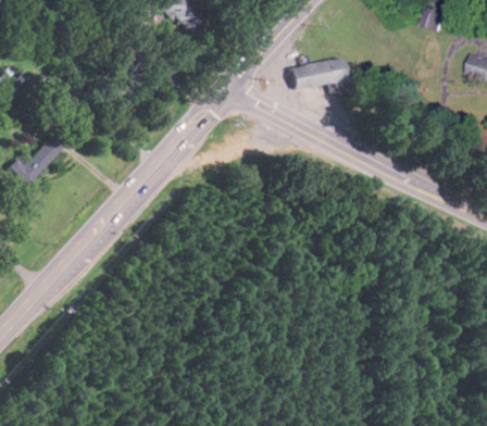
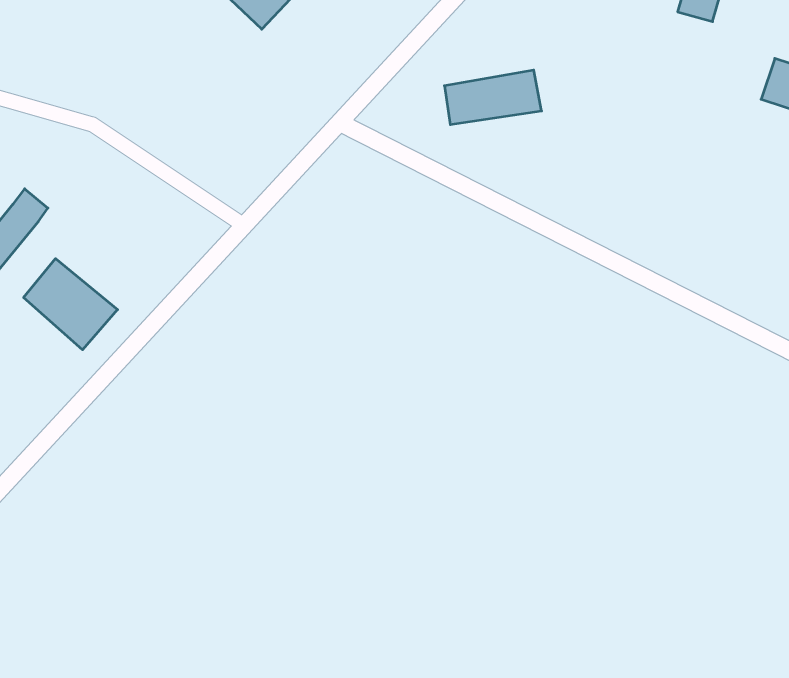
building: none -> [24,259,118,350]

